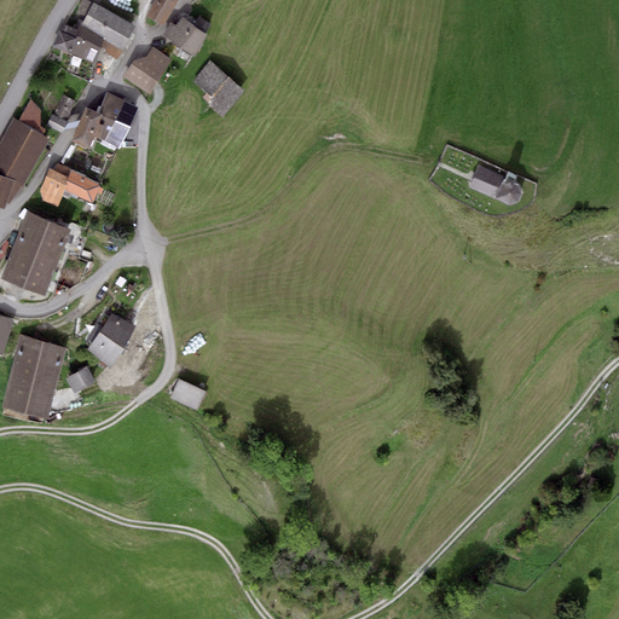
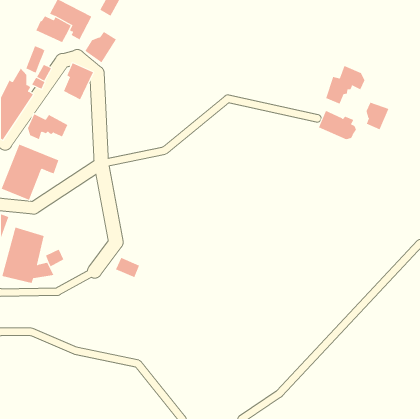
building: [163,15,212,56] -> none
building: [193,60,244,116] -> none
building: none -> [325,65,365,104]
building: [73,106,102,147] -> [26,46,45,73]
building: none -> [366,102,389,130]
building: [87,313,137,366] -> none

